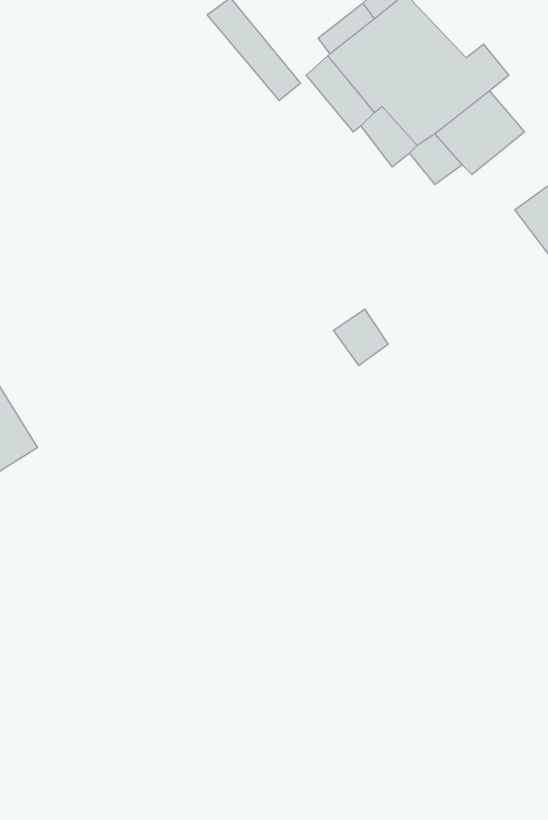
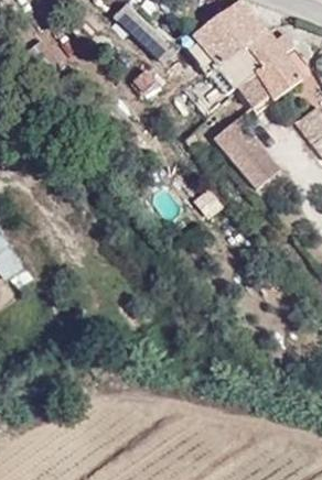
building: none -> [210,114,278,188]

